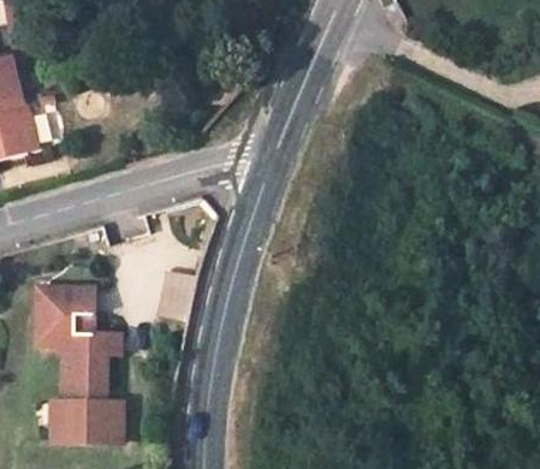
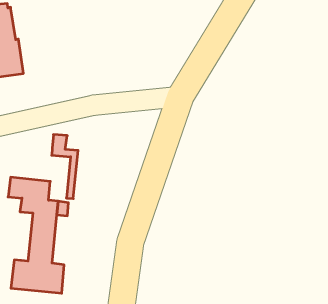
building: [35,319,71,405] -> [52,135,78,199]

